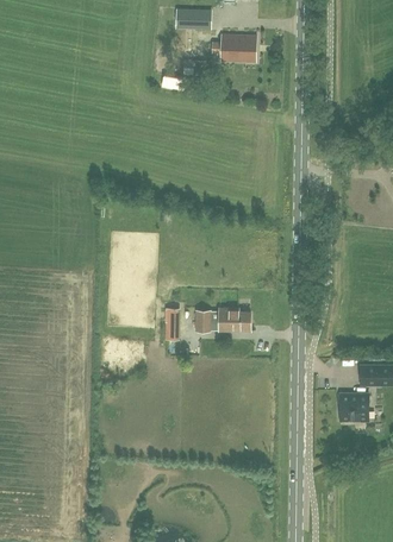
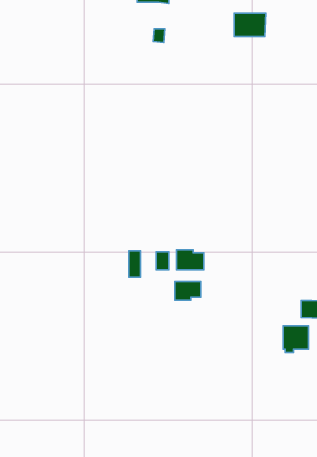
building: [219,34,255,61] -> [234,13,266,36]
building: none -> [175,281,201,300]

